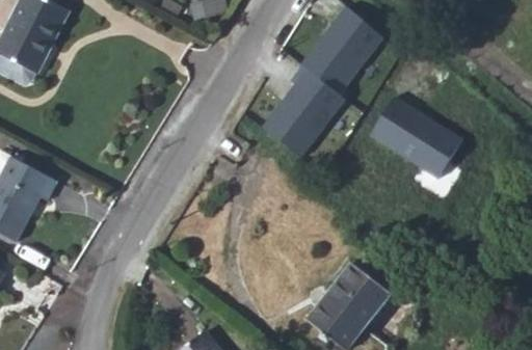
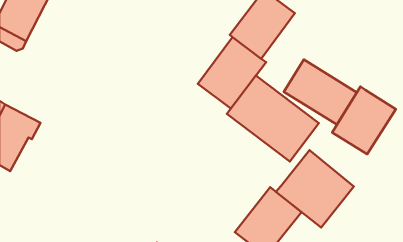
building: none -> [227,76,319,162]
building: none -> [332,87,396,154]
building: none -> [276,150,354,228]

